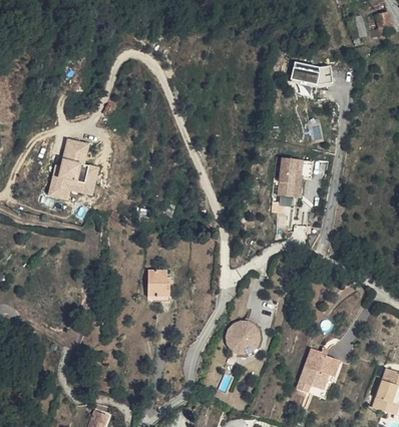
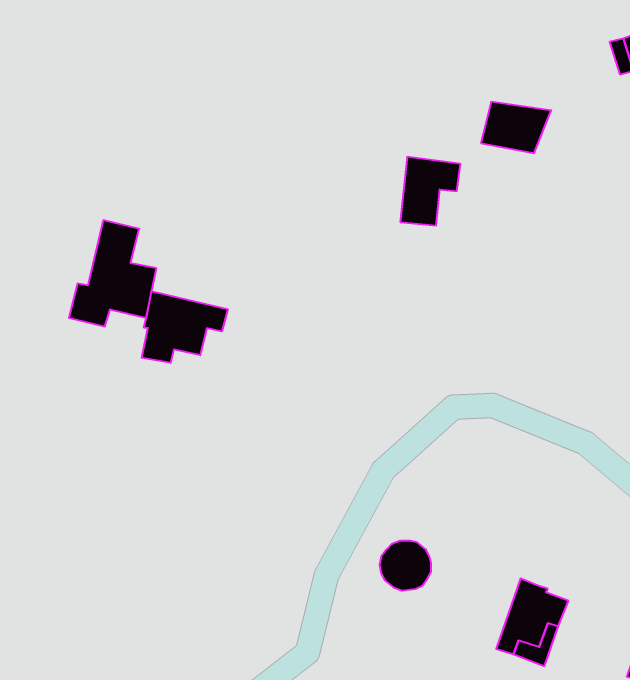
building: [279,155,314,195] -> [400,157,460,225]
building: none -> [142,291,228,363]
building: [148,270,168,295] -> none

